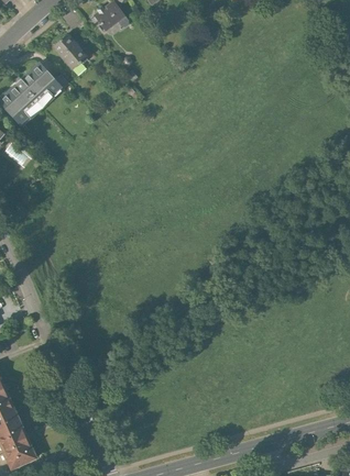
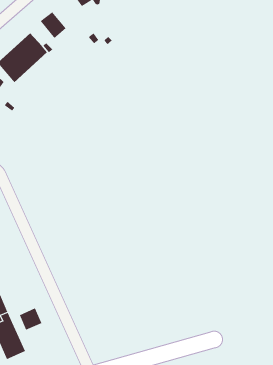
building: none -> [19,307,42,331]

